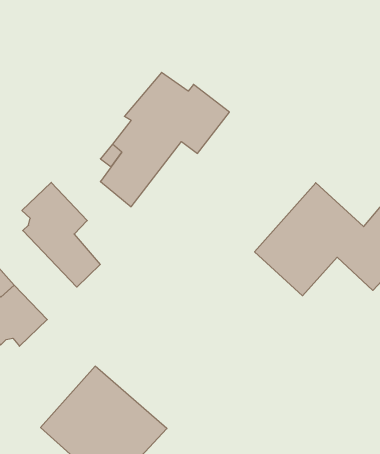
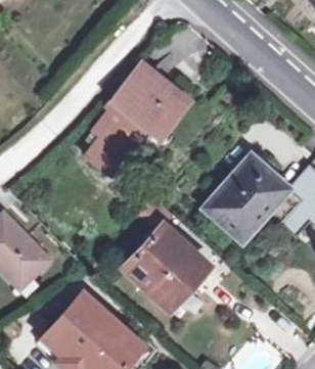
building: [22,182,100,287] -> none
building: none -> [125,227,211,307]

